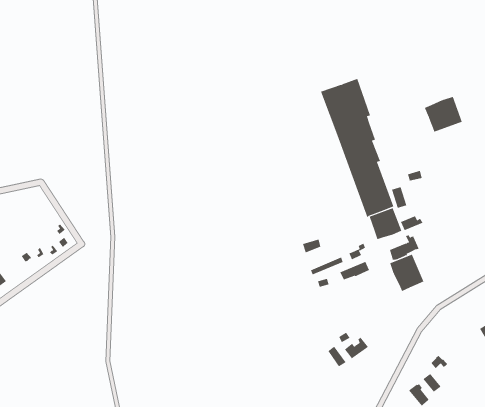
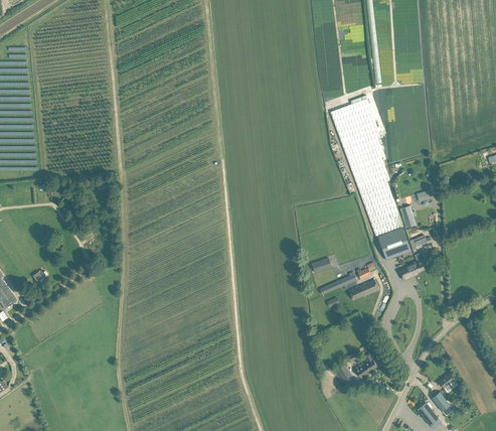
building: [424,96,462,133] -> none
building: [389,254,424,292] -> none

